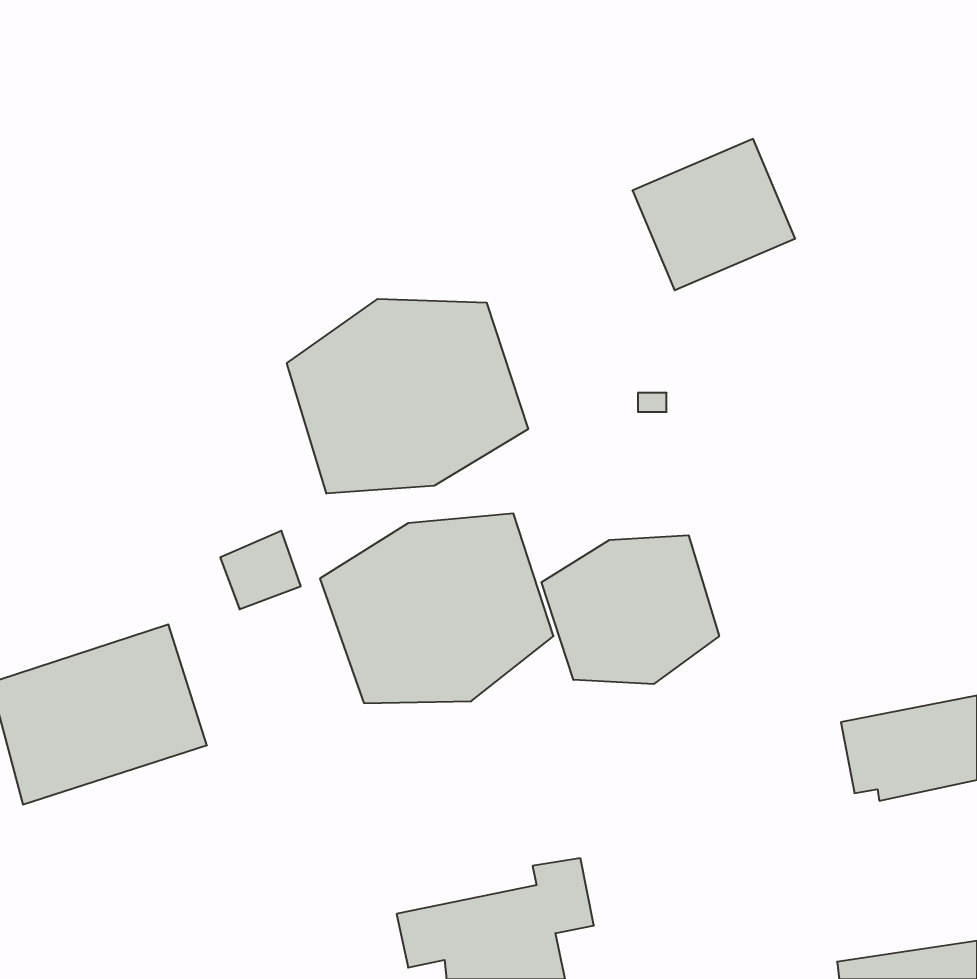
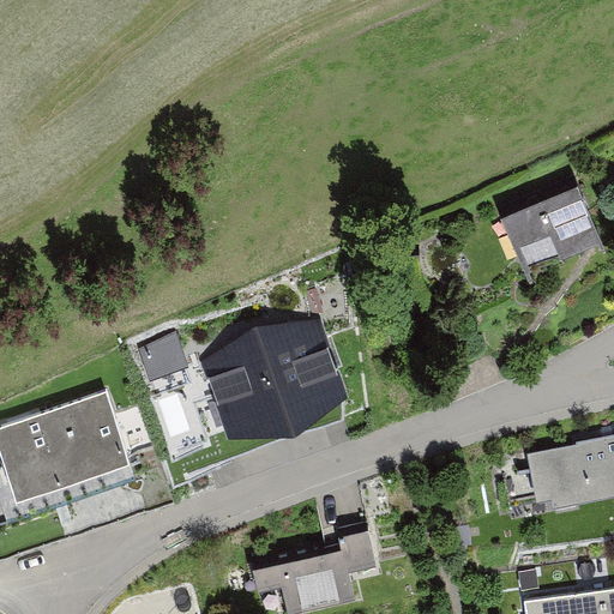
building: [632,139,795,290] -> [499,179,601,273]
building: [287,299,528,494] -> none
building: [542,535,719,684] -> none

